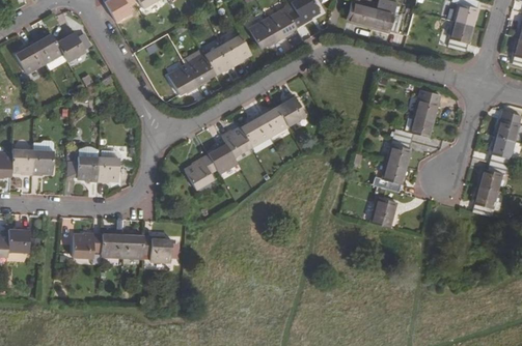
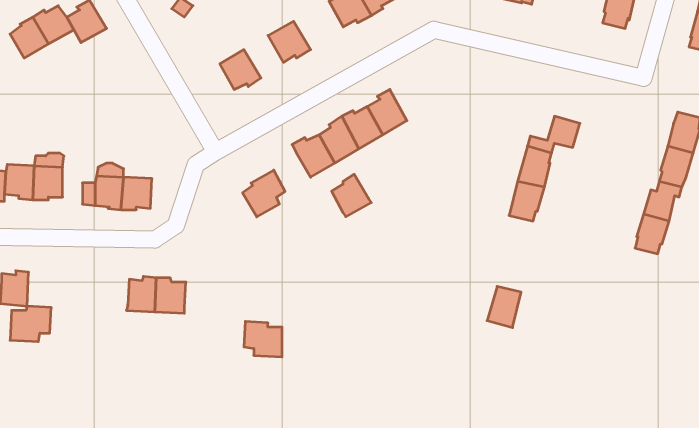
building: [222,34,251,65] -> none
building: [186,55,215,86] -> none
building: [413,89,437,119] -> none
building: [208,141,237,172] -> [332,174,371,217]
building: [370,197,395,227] -> [487,286,521,328]
building: [72,232,102,258] -> [10,306,51,342]
building: [142,235,170,261] -> [244,321,282,357]

